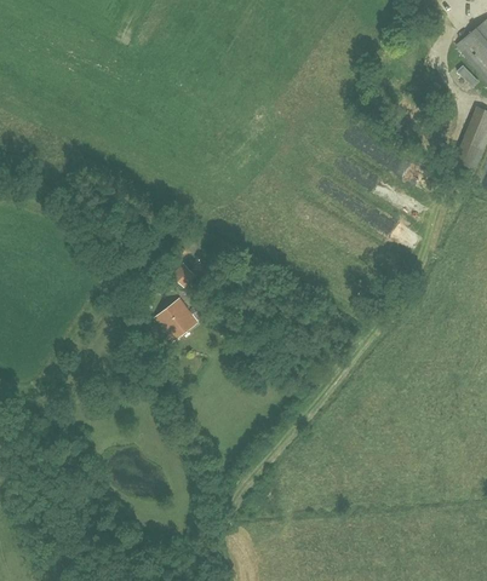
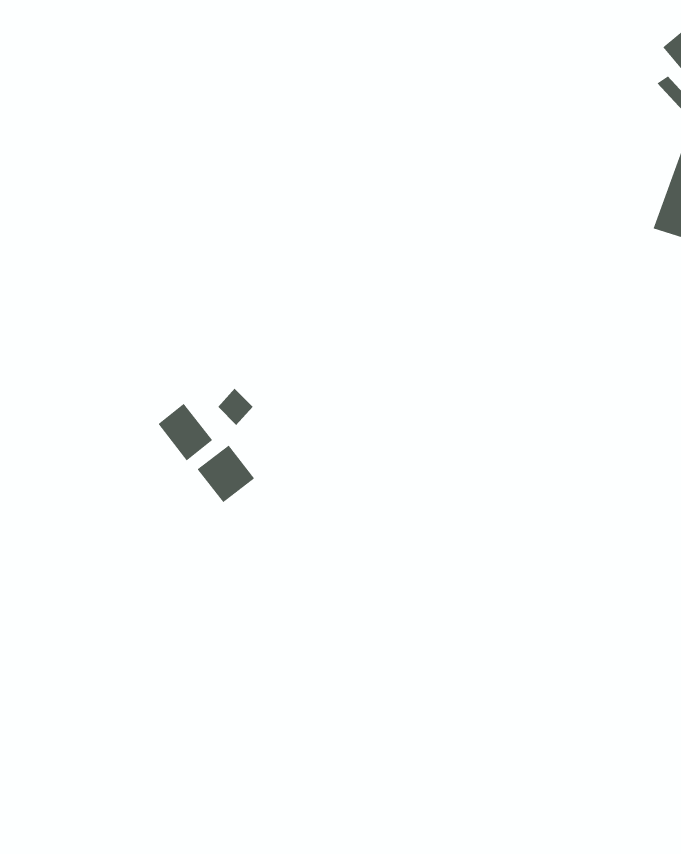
building: none -> [157,403,213,461]

